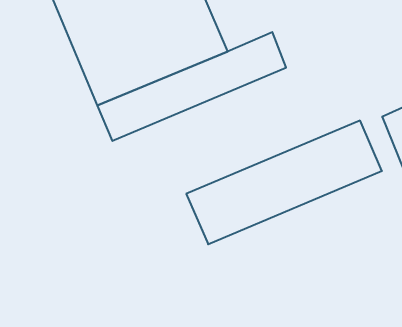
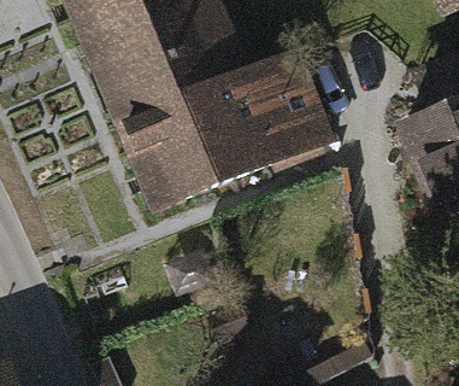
building: [186,121,382,244] -> [130,88,336,218]

